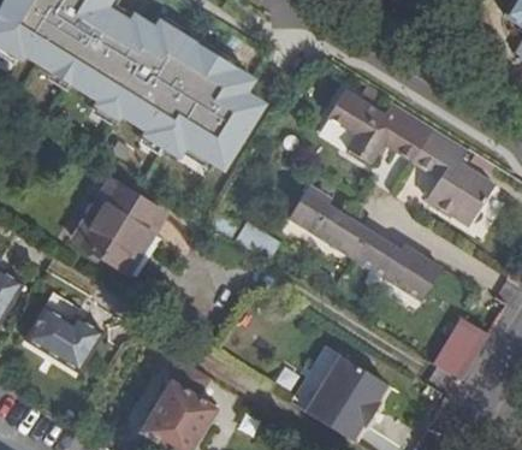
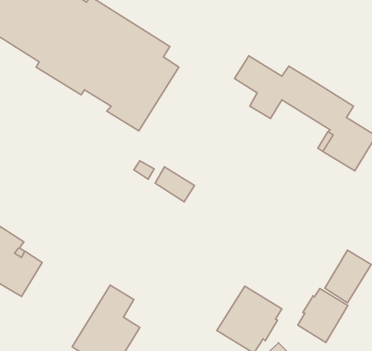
building: [72,180,164,272] -> none
building: [287,184,440,300] -> none
building: none -> [298,289,348,342]

